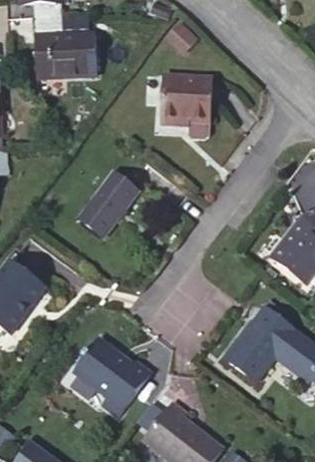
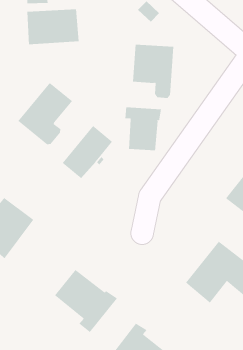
building: none -> [18,82,73,145]
building: none -> [125,107,162,151]

